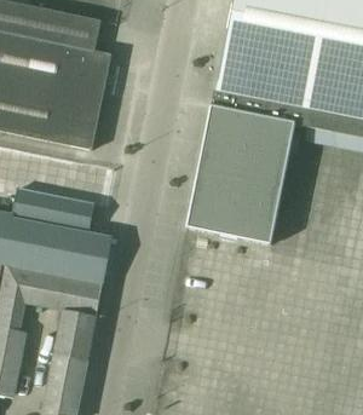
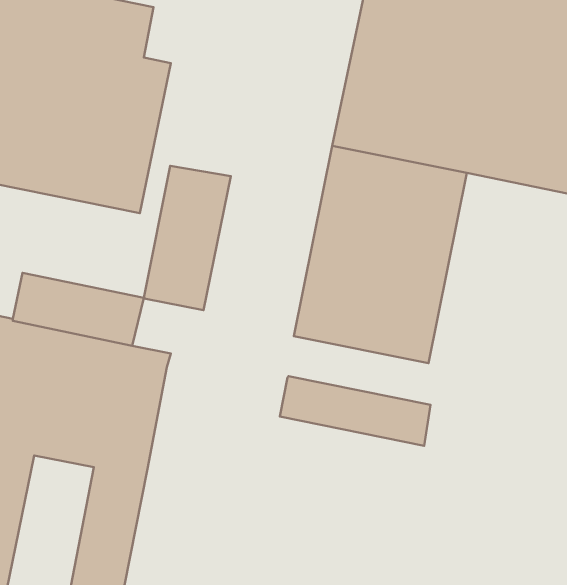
building: none -> [144,166,231,310]
building: none -> [280,376,431,446]

